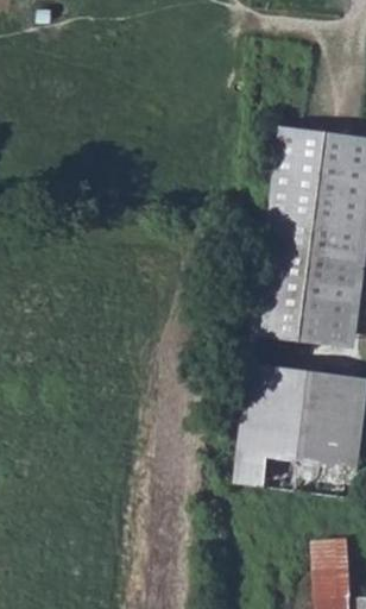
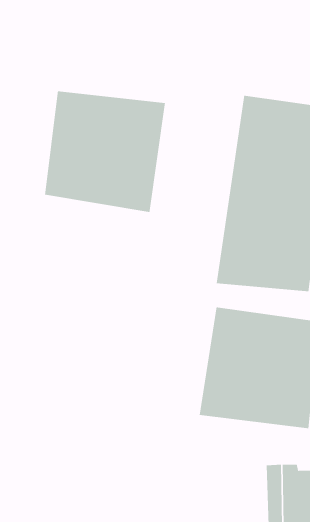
building: none -> [44,90,166,213]

